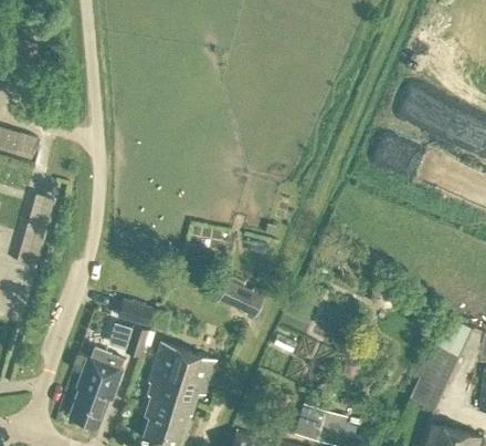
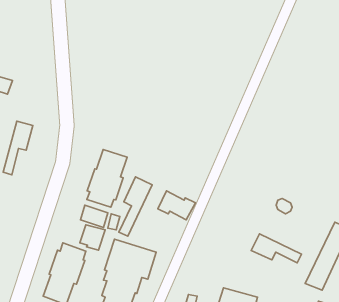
building: none -> [87,150,127,207]
building: none -> [119,177,152,236]
building: none -> [251,234,301,263]

